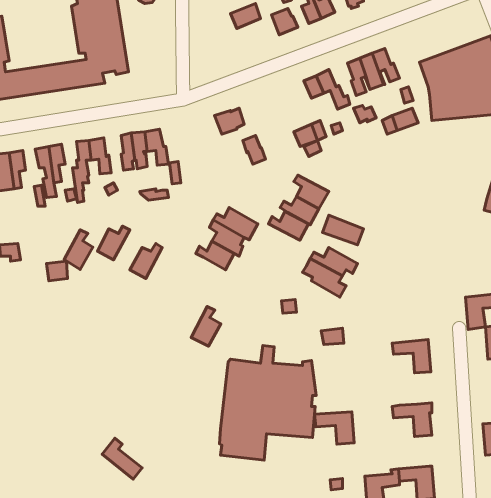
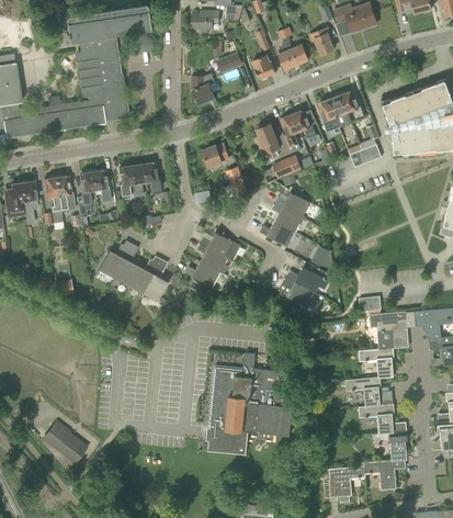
building: none -> [191,74,215,104]
building: none -> [256,124,280,156]
building: [269,212,308,240] -> [275,192,310,217]
building: [64,230,93,270] -> [113,251,138,286]
building: none -> [370,311,408,348]
building: [191,306,221,346] -> [141,267,168,302]
building: [314,412,354,444] -> [346,378,381,406]
building: none -> [372,431,407,460]
building: [102,438,142,479] -> [46,424,81,460]

